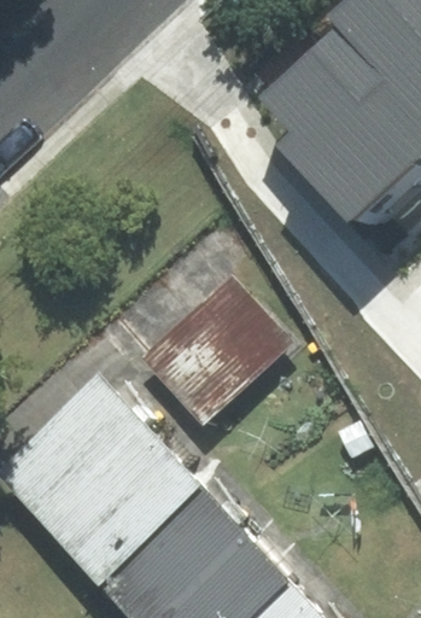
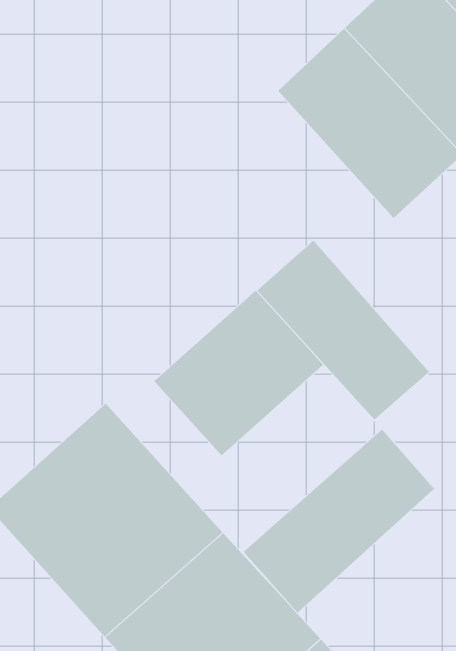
building: none -> [257,240,430,421]
building: none -> [243,429,435,613]

